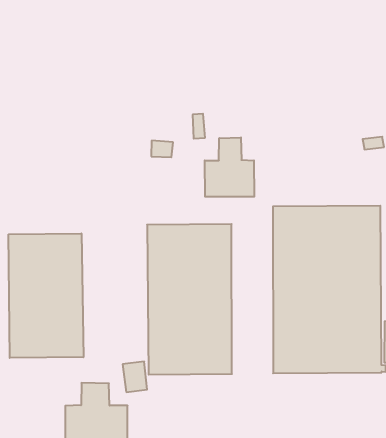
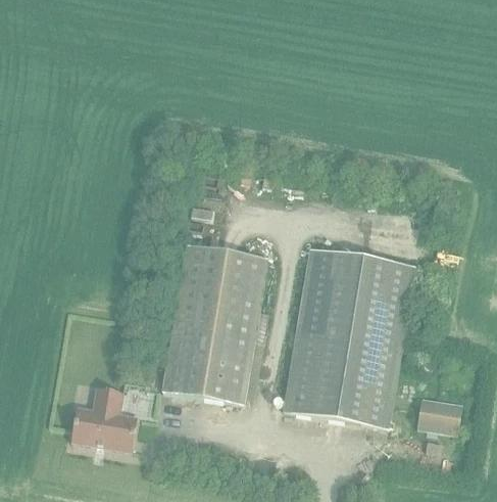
building: [205,137,254,197] -> none
building: [9,233,83,358] -> none

